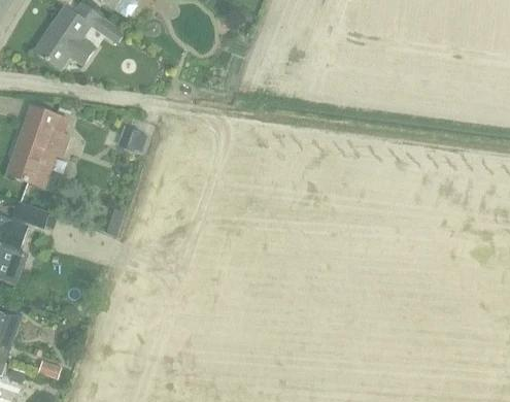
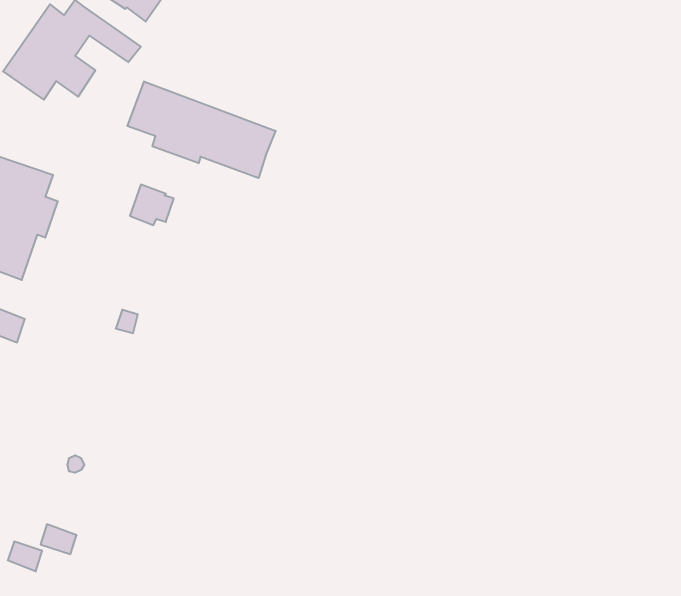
building: none -> [127,81,276,178]

